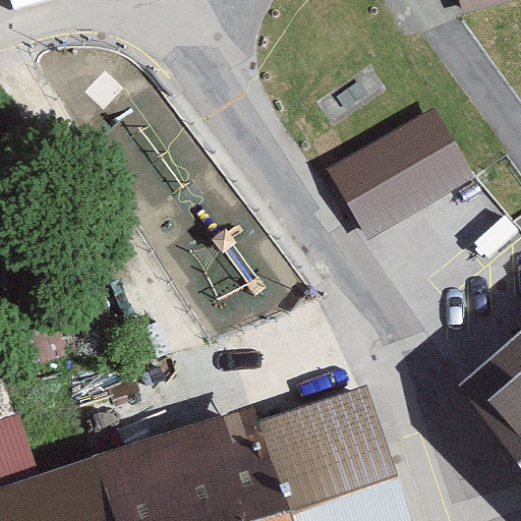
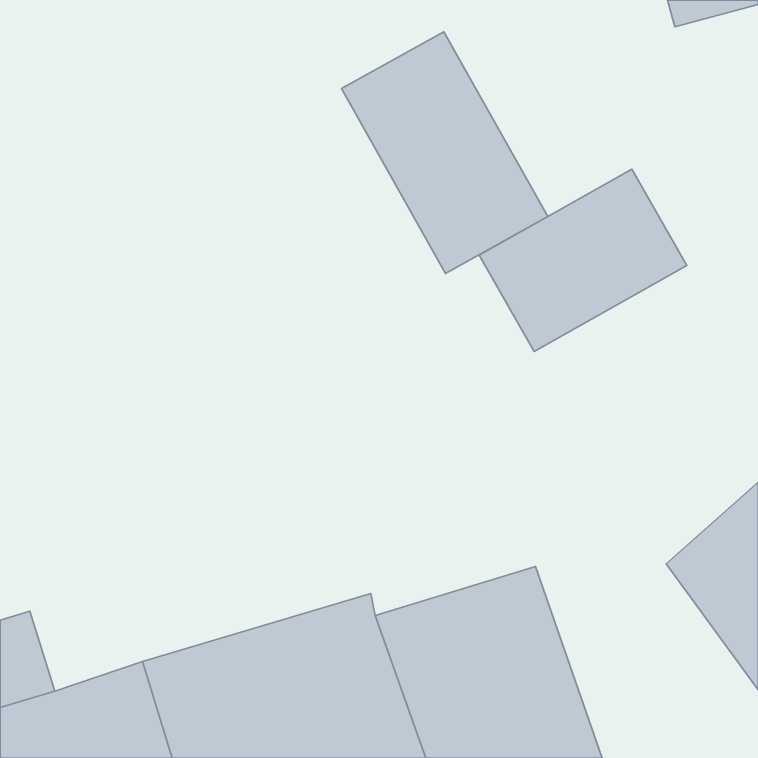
building: none -> [341,32,548,273]

